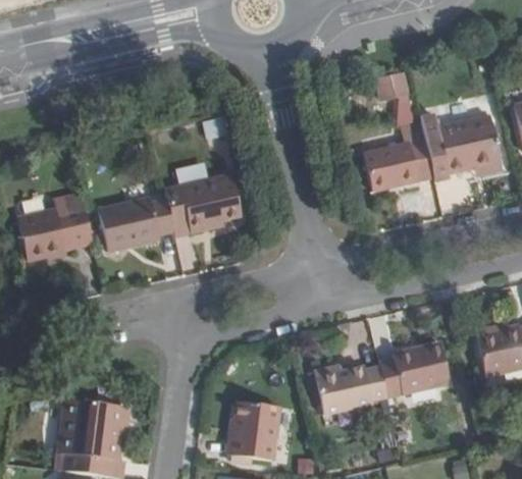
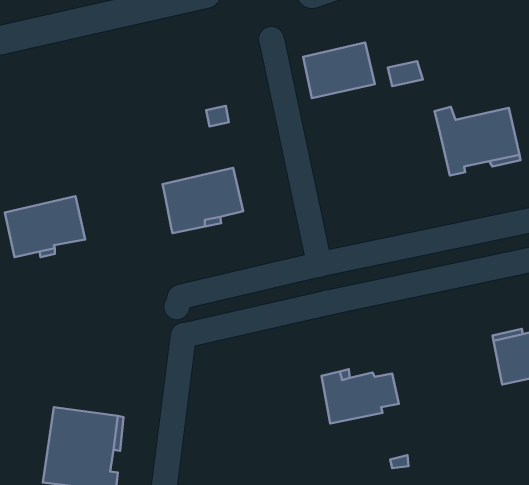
building: [366,139,433,191] -> [303,43,375,98]
building: [98,199,173,252] -> none
building: [379,342,448,397] -> none
building: [225,400,277,459] -> none

